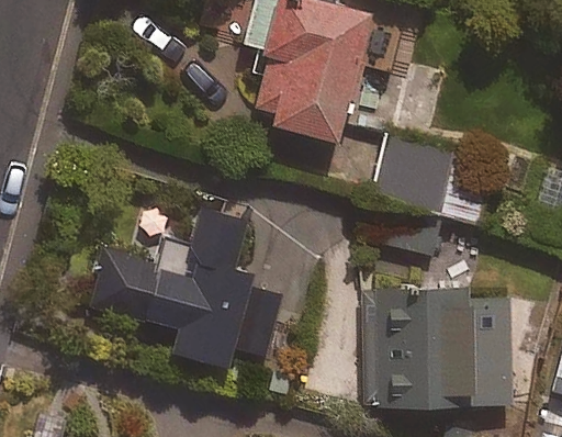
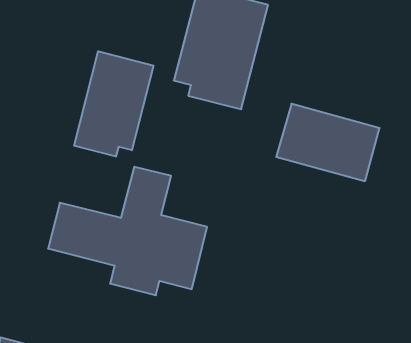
building: none -> [74,51,153,157]
building: [370,294,515,407] -> none

